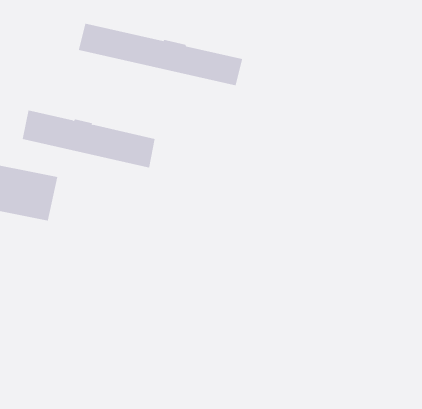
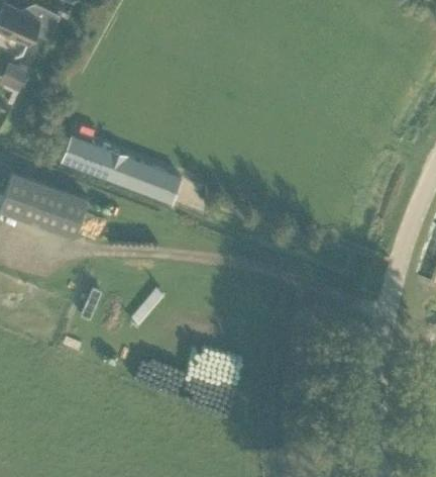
building: [78,23,243,86] -> none

